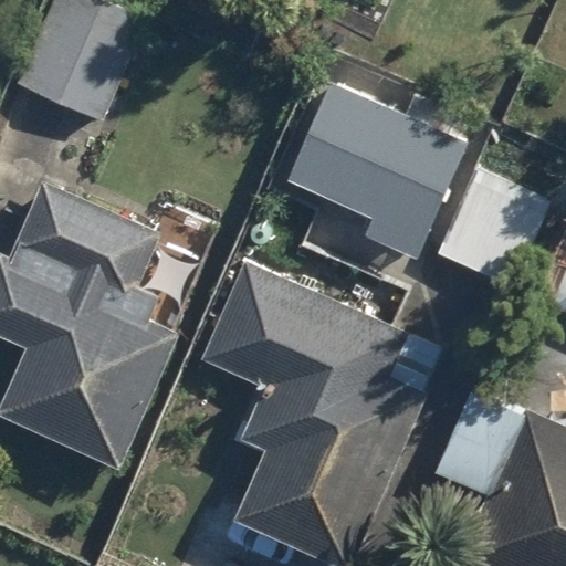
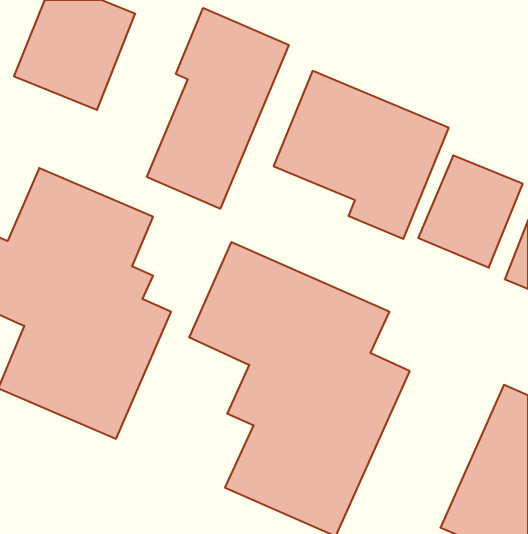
building: none -> [147,8,289,209]

